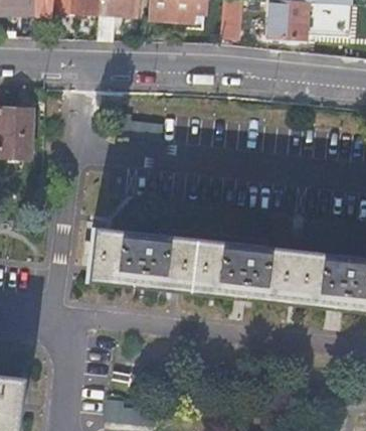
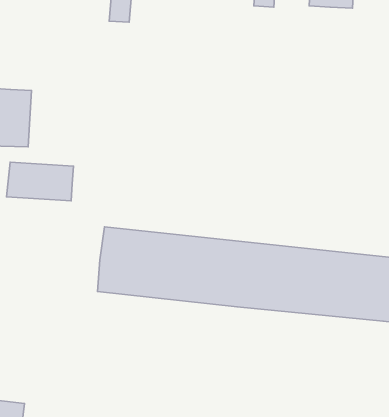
building: none -> [7,162,73,201]

